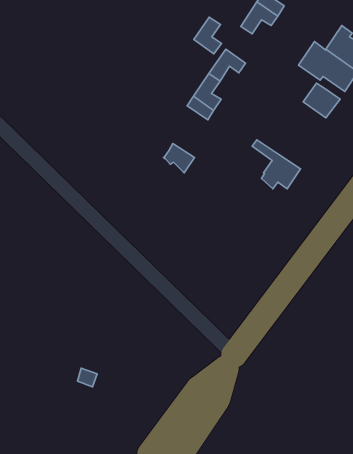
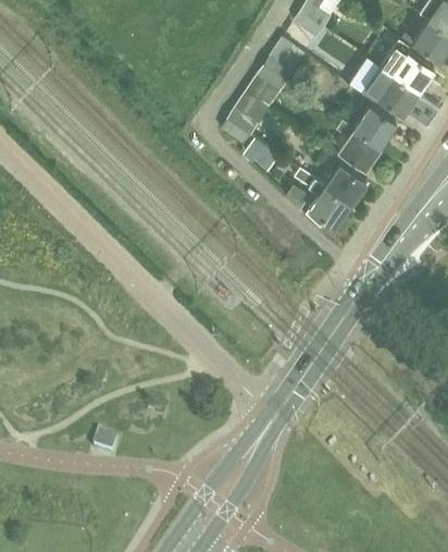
building: [194,17,221,54] -> [265,39,297,82]
building: none -> [337,120,381,168]
building: none -> [325,163,366,204]
building: [163,143,195,173] -> [244,139,279,173]

